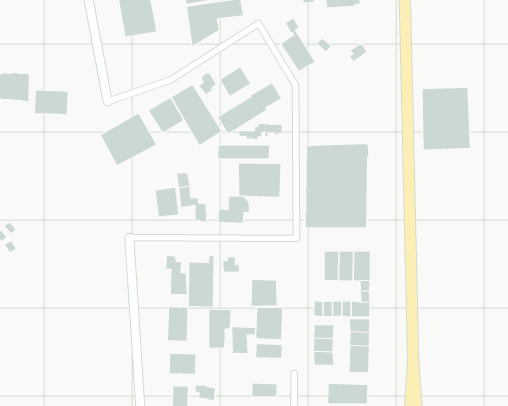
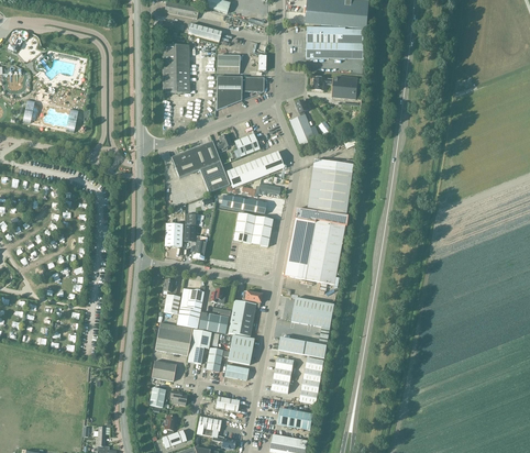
building: [422,87,471,150] -> [307,158,353,214]
building: [34,90,68,115] -> none
building: [100,113,157,166] -> none
building: [218,196,250,223] -> [232,290,261,314]
building: none -> [198,311,228,333]
building: none -> [170,324,192,355]

